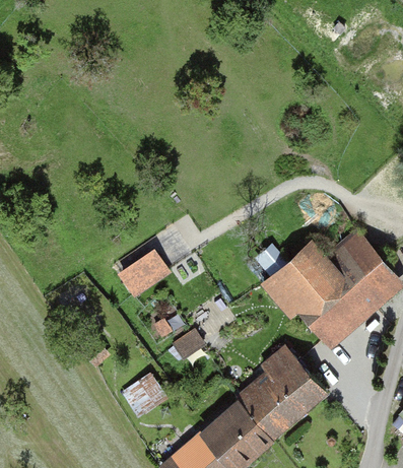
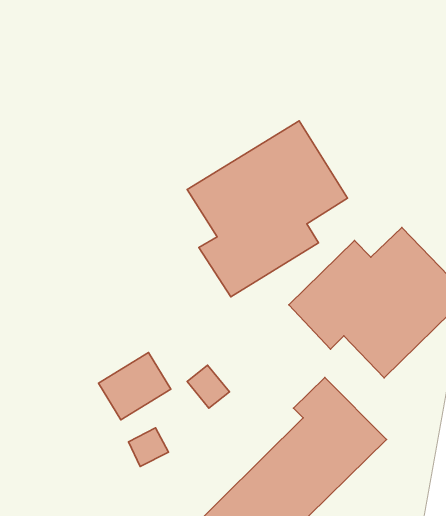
building: none -> [187,121,347,297]
building: [114,240,172,292] -> [98,353,171,420]

